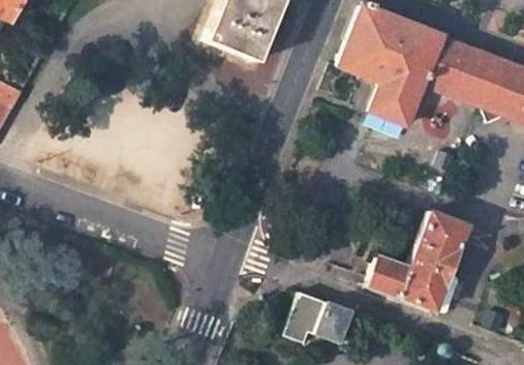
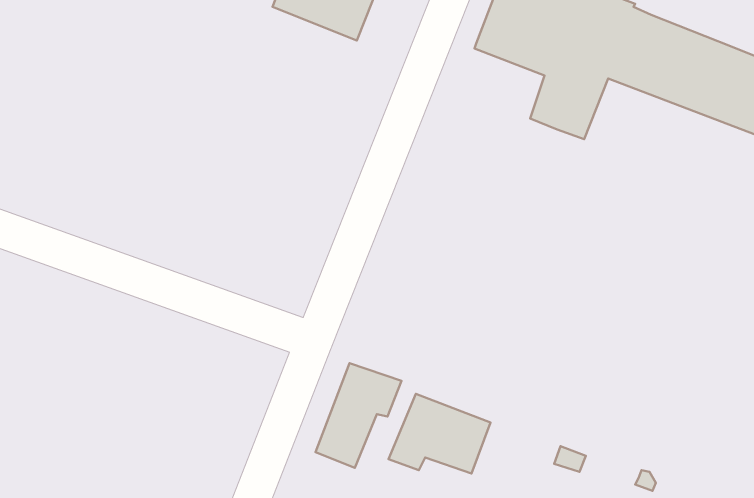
building: [369,212,467,312] -> none
building: none -> [316,363,402,468]

